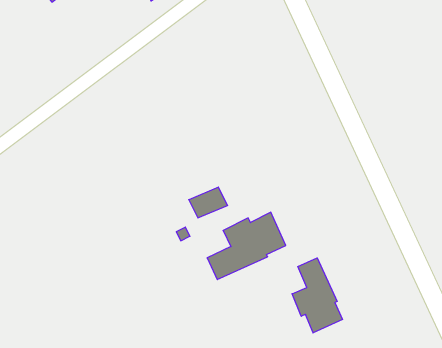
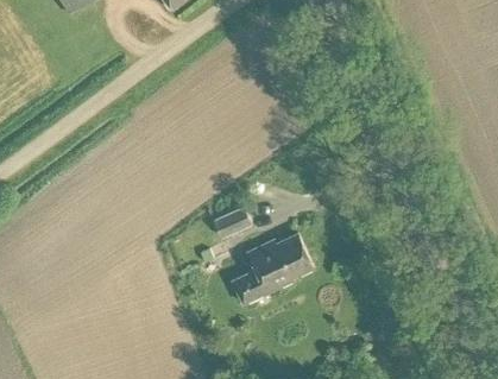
building: [292,258,342,333] -> none

